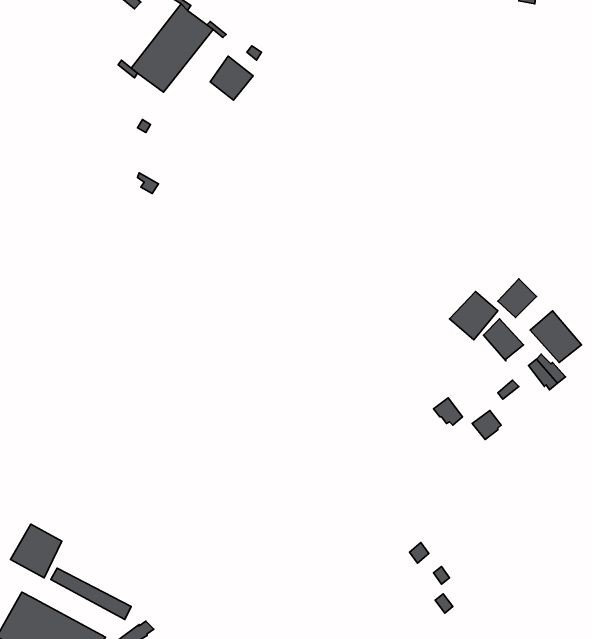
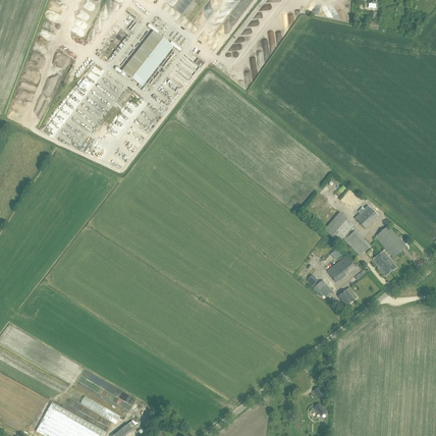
building: [210,56,253,100] -> none
building: none -> [326,256,355,283]
building: [11,524,62,578] -> none

